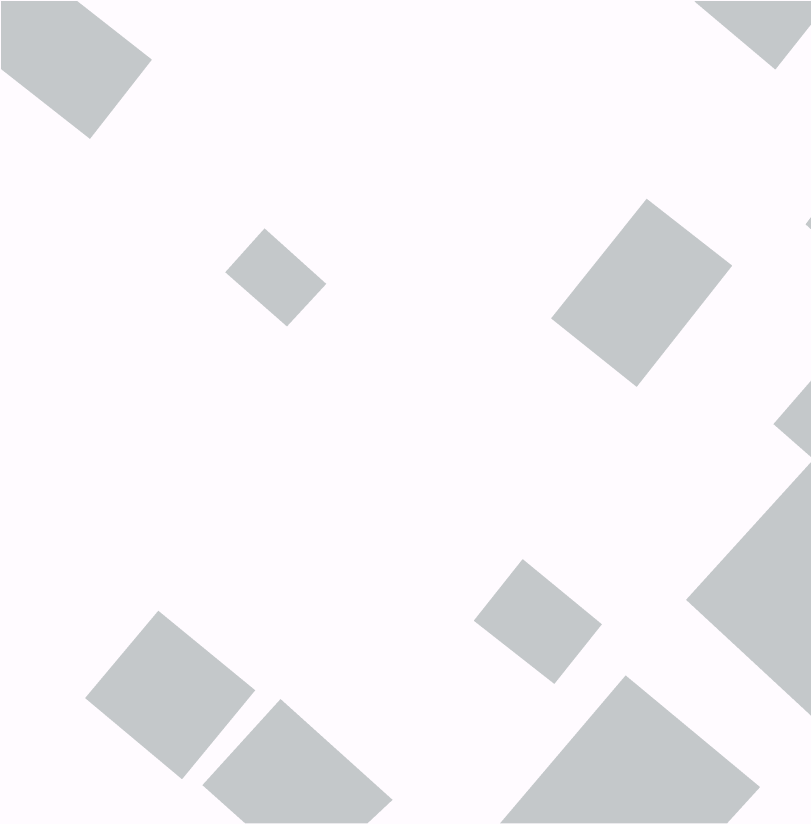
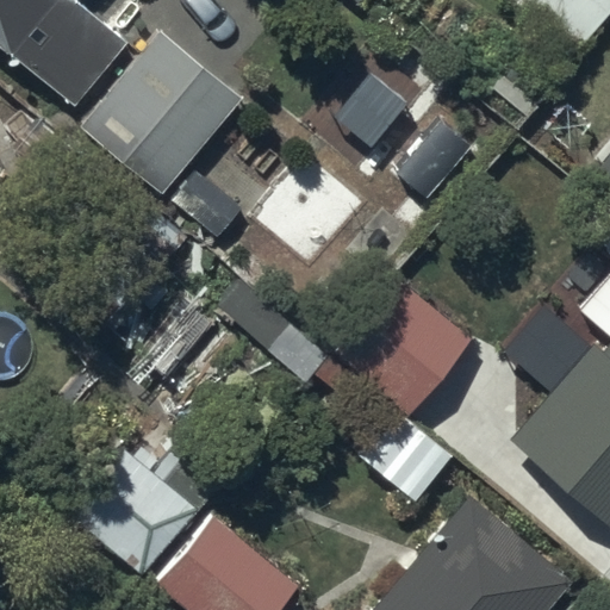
building: none -> [86,35,241,192]
building: [550,198,734,388] -> none
building: none -> [332,276,469,413]

